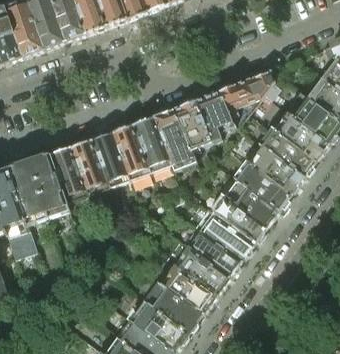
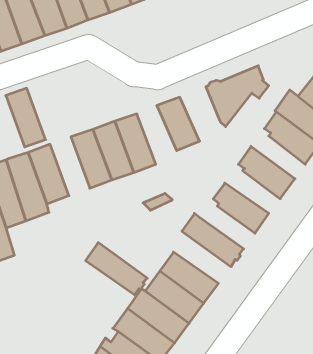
building: [193,90,231,142] -> none
building: [152,108,195,167] -> none
building: [261,130,313,178] -> none
building: [69,138,107,194] -> [6,88,46,147]
building: [236,164,289,211] -> none
building: [212,197,265,245] -> none
building: [183,228,242,278] -> [86,243,147,295]

